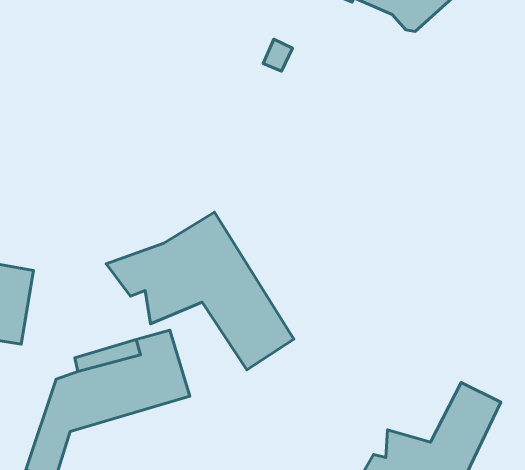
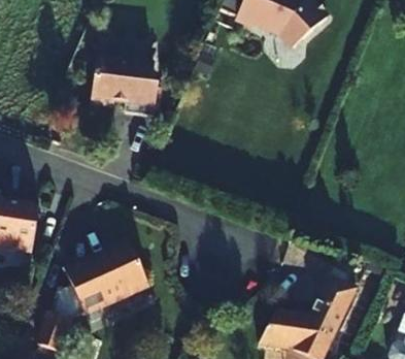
building: none -> [92,64,155,123]
building: [106,212,294,370] -> none

